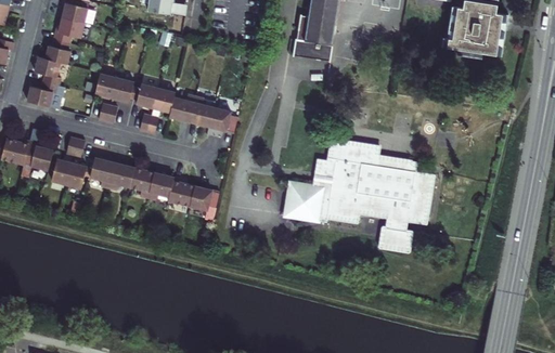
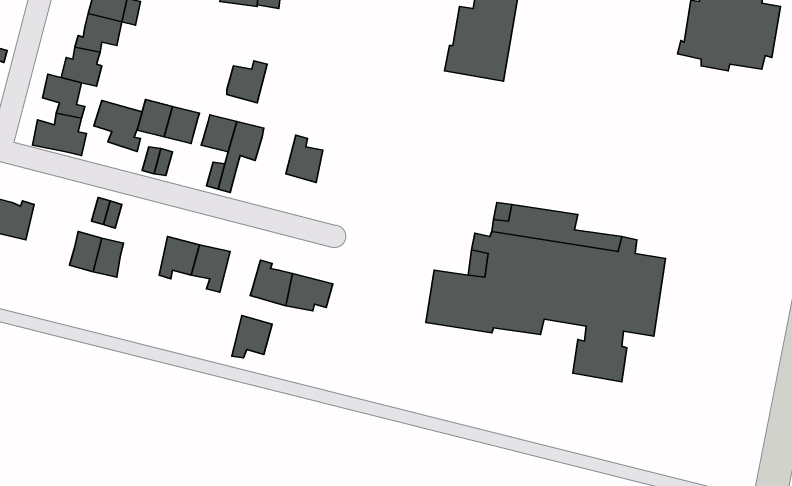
building: none -> [94,101,142,152]
building: [169,94,195,121] -> [227,61,267,103]
building: [208,106,237,132] -> none
building: [20,141,51,175] -> none
building: [88,157,113,186] -> none
building: [146,171,172,198] -> [232,316,272,358]

